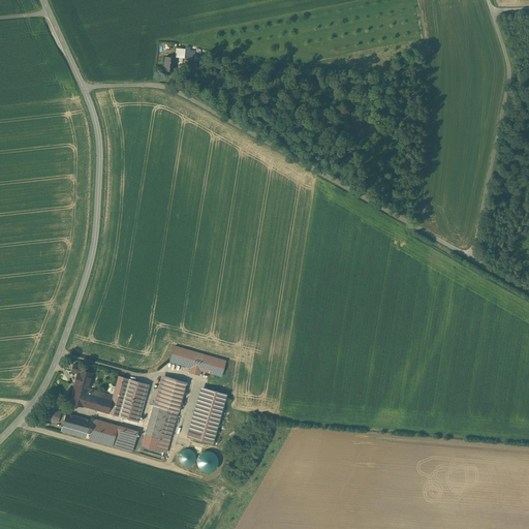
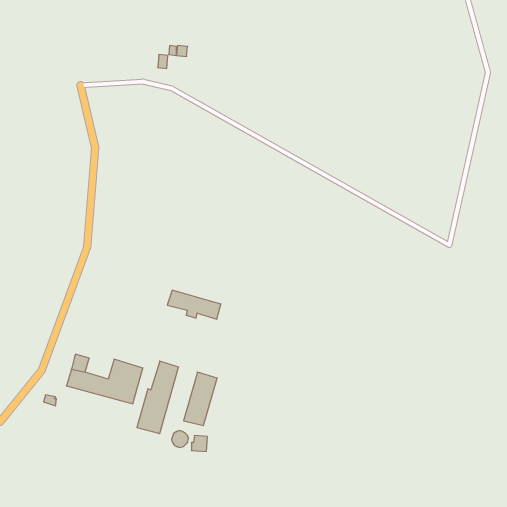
building: [169,346,225,376] -> [167,290,221,319]
building: [61,412,137,452] -> none

